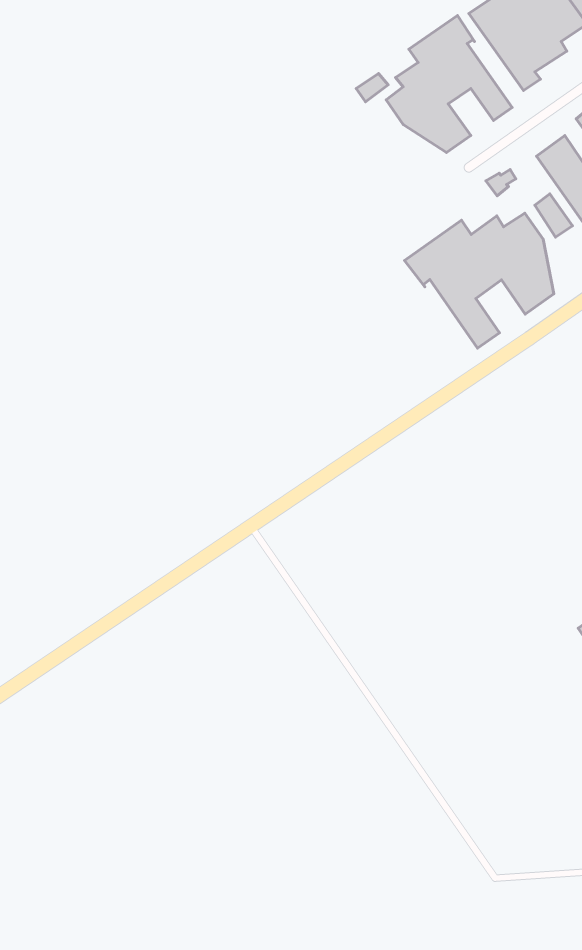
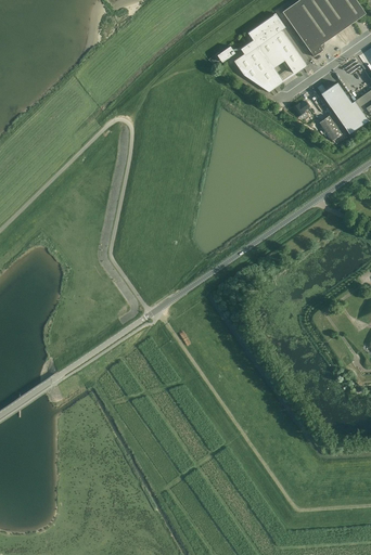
building: [404,213,554,348] -> none

